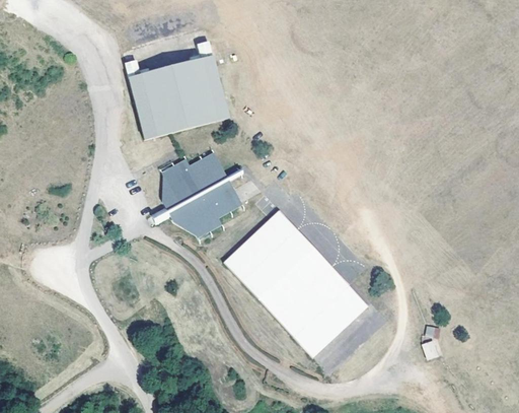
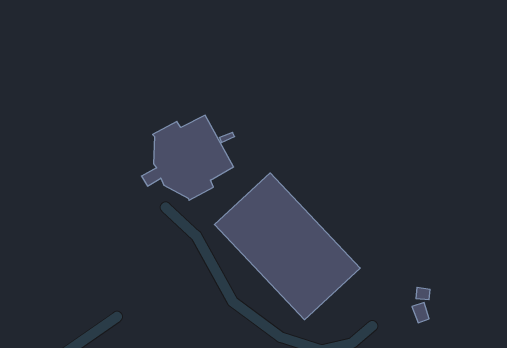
building: [124,45,228,142] -> none

